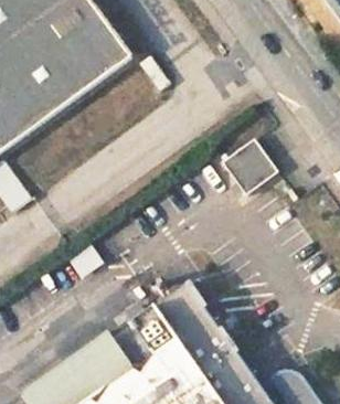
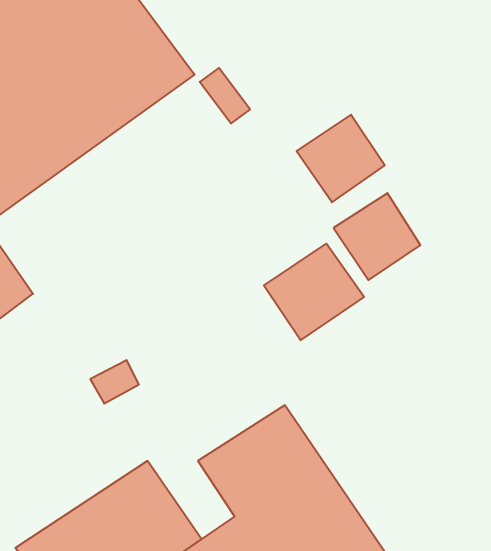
building: none -> [297,115,385,202]
building: none -> [264,244,364,340]

